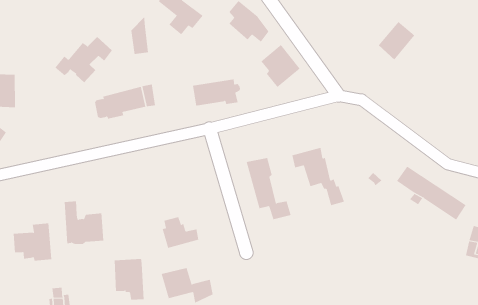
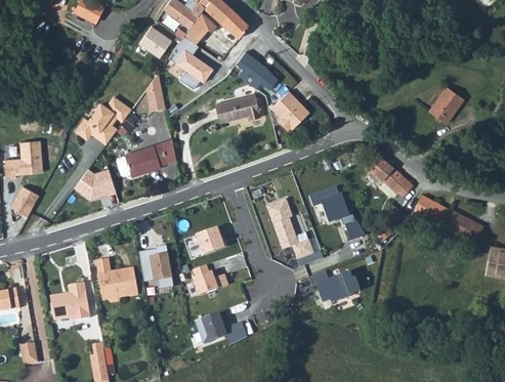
building: [378,21,415,60] -> [429,86,464,124]
building: [192,79,241,106] -> [215,93,262,123]
building: none -> [76,167,117,200]
building: none -> [369,156,413,206]
building: none -> [198,226,225,254]
building: none -> [310,269,362,301]
building: [114,259,145,300] -> [141,247,174,288]

